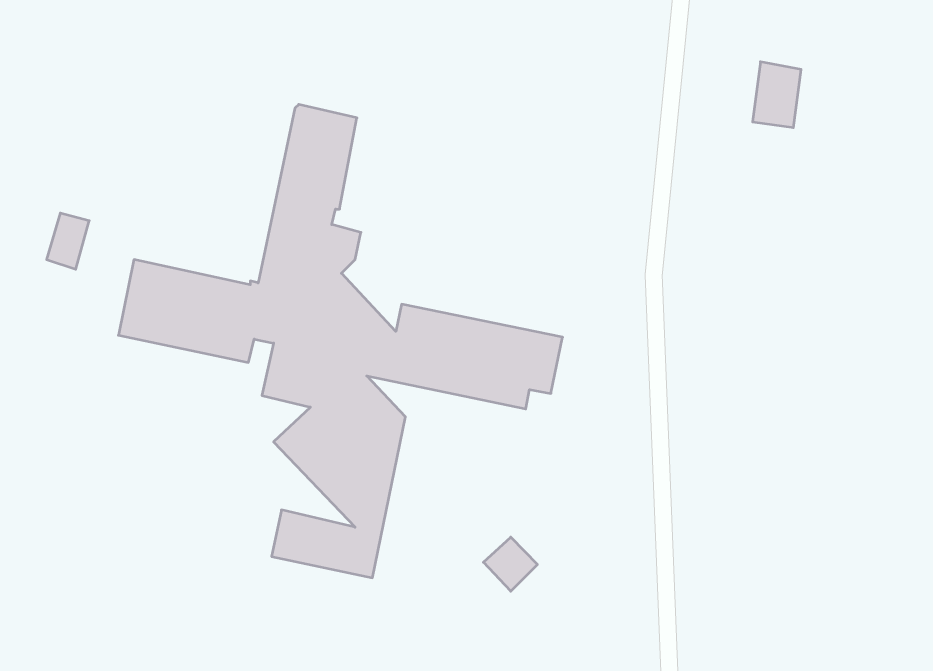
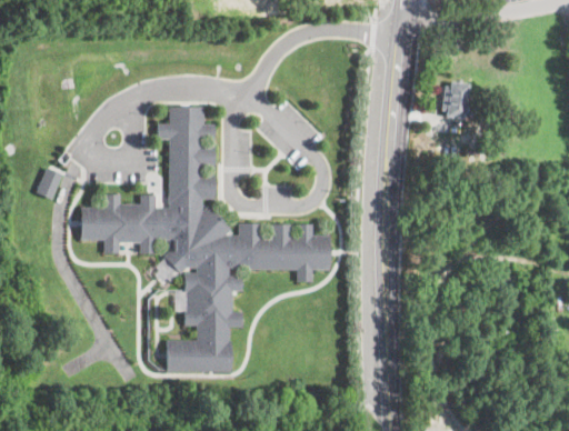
building: [483,537,537,591] -> none

